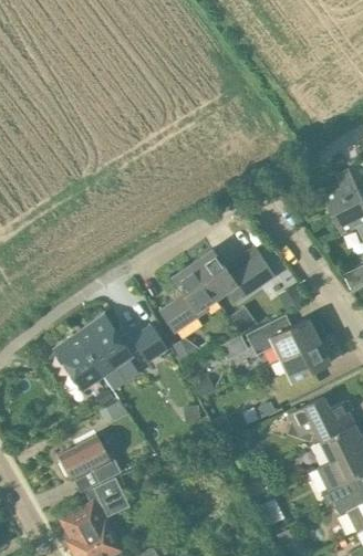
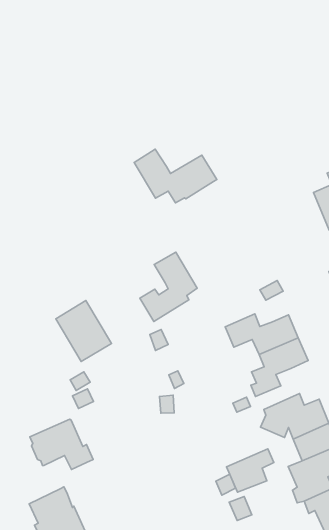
building: [191,249,274,301] -> [134,149,217,203]
building: [129,324,167,363] -> none
building: [55,336,104,391] -> none
building: none -> [226,449,274,492]
building: [85,476,123,507] -> none

